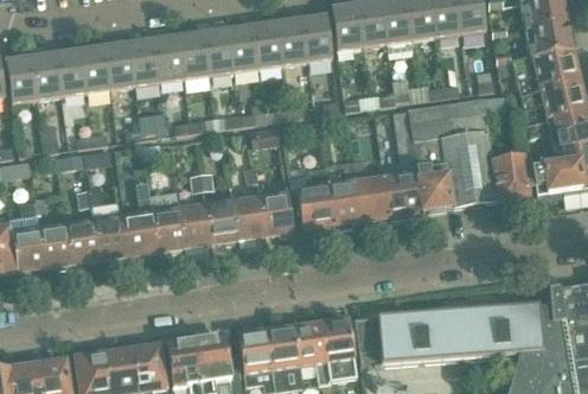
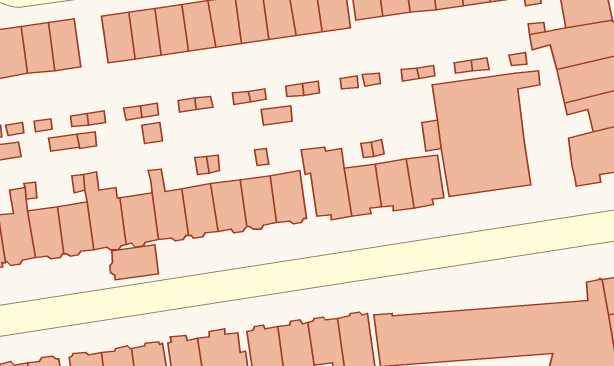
building: [81,45,111,91] -> none
building: [492,153,530,202] -> none
building: none -> [110,245,158,280]

